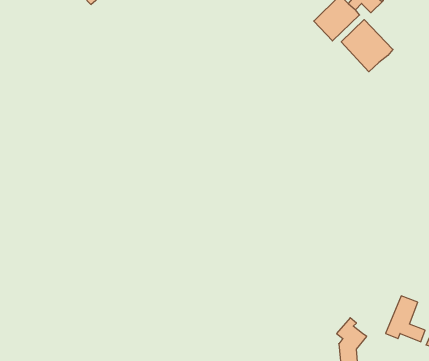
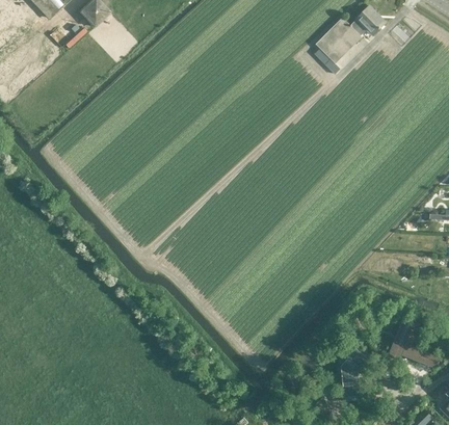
building: [341,20,393,72] -> none

